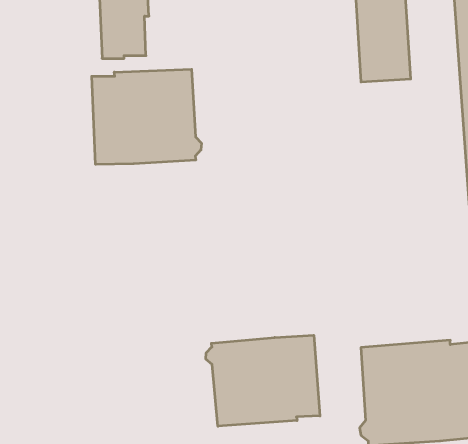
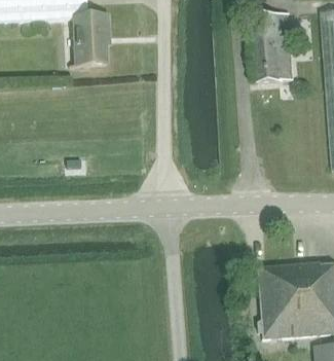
building: [92,69,201,164] -> none
building: [206,335,320,426] -> none

